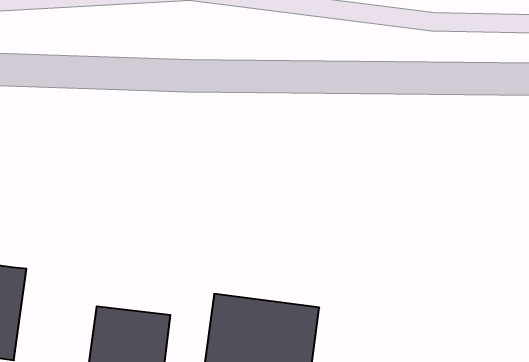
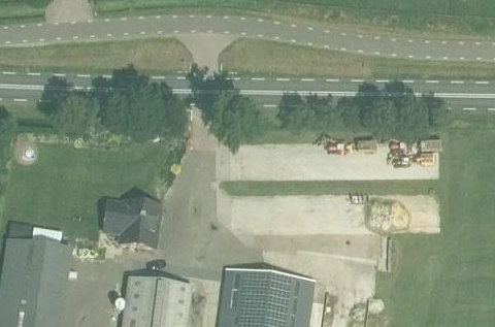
building: none -> [102,199,160,247]

